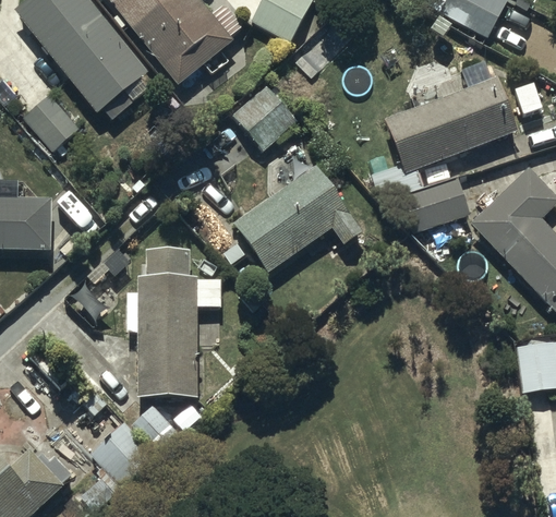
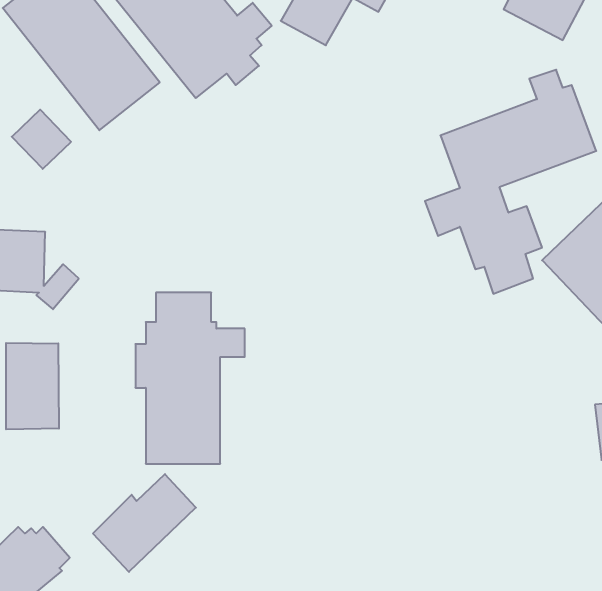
building: [230,84,299,153] -> none
building: [232,166,361,273] -> none
building: none -> [6,343,59,429]

